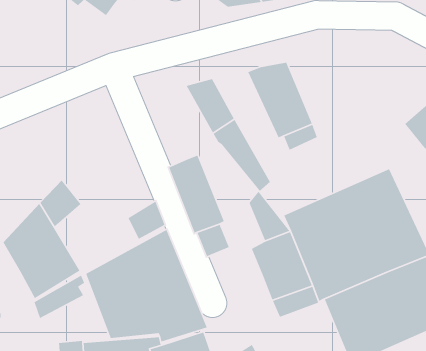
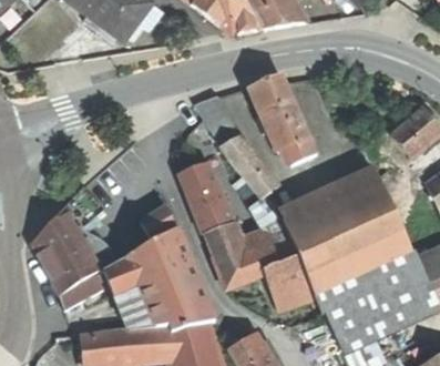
building: none -> [211,247,263,287]

